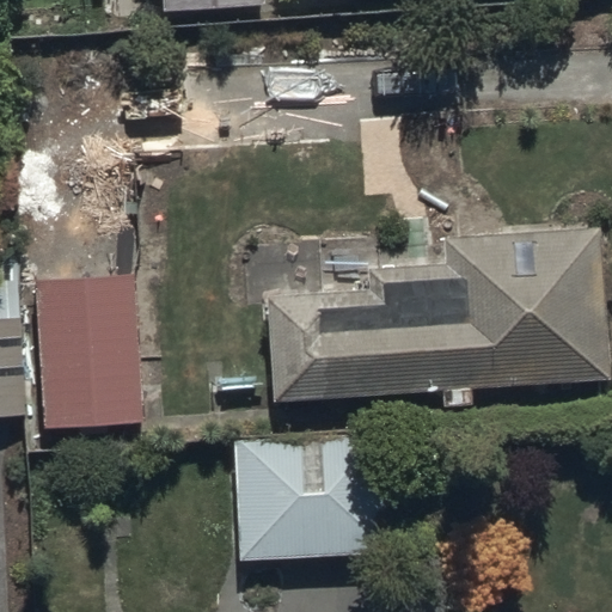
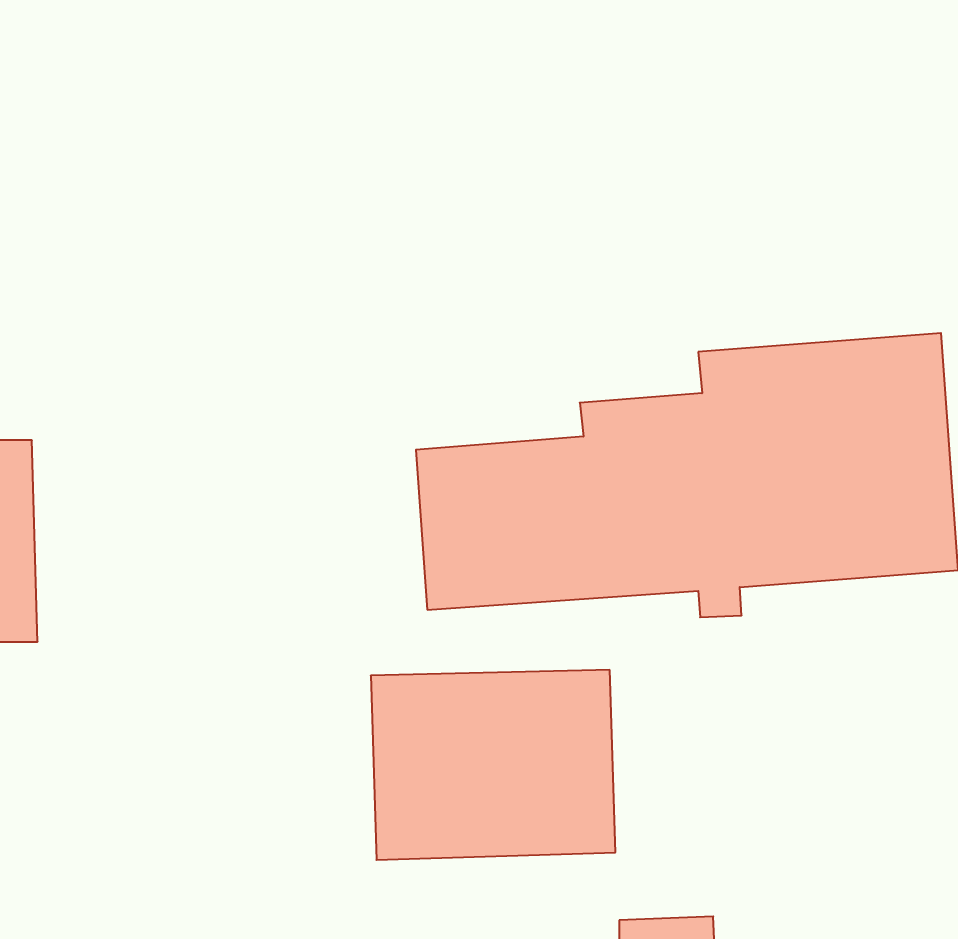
building: [31,273,143,429] -> none

